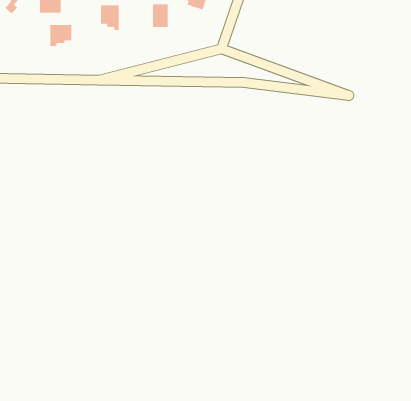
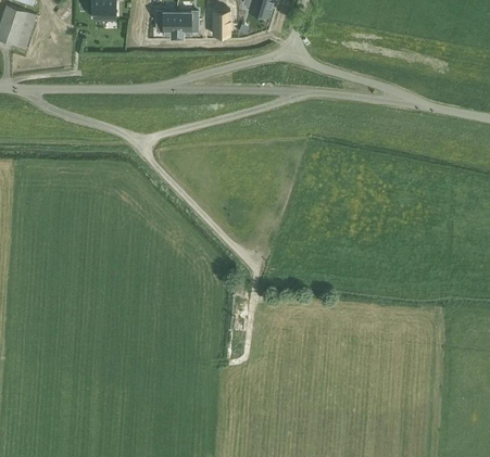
building: none -> [177,11,198,38]
building: [50,24,72,47] -> none

